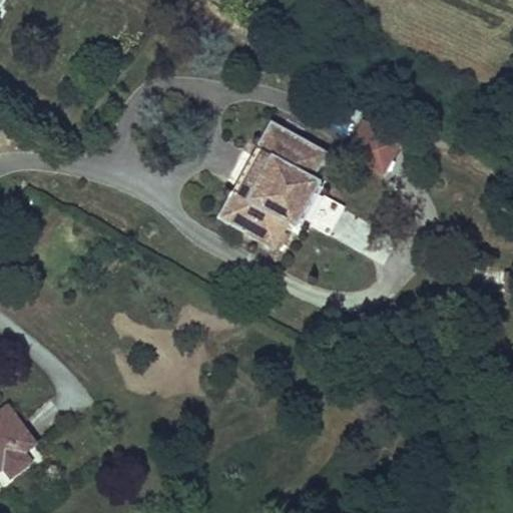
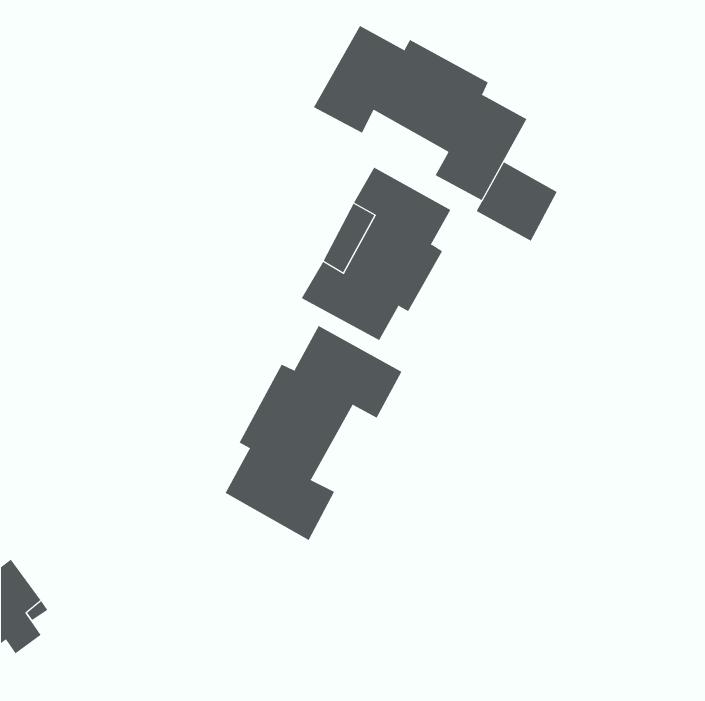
building: none -> [313,25,527,201]
building: none -> [225,325,402,541]

